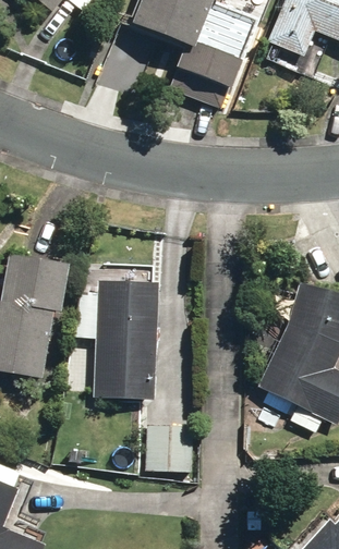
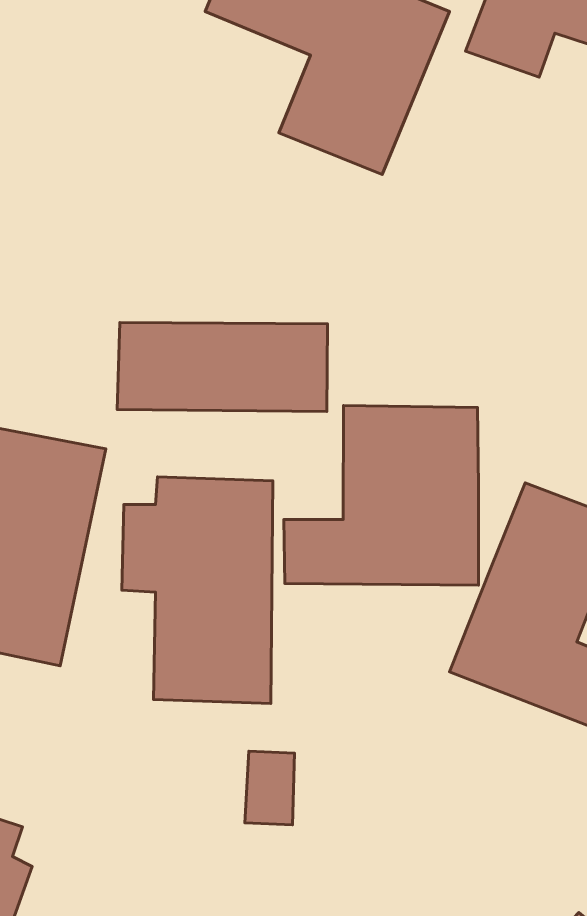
building: none -> [117,322,328,412]
building: none -> [284,405,479,585]

